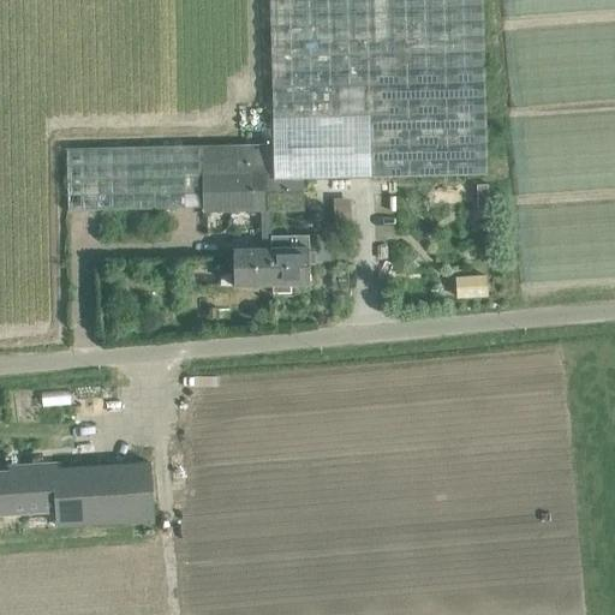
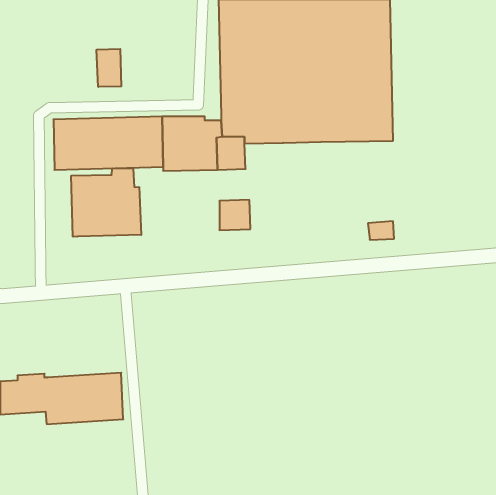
building: none -> [97,49,121,87]
building: none -> [71,168,141,237]
building: [233,249,271,286] -> none

